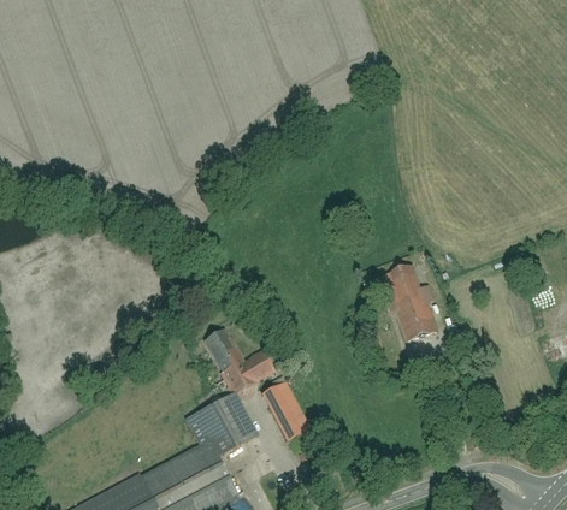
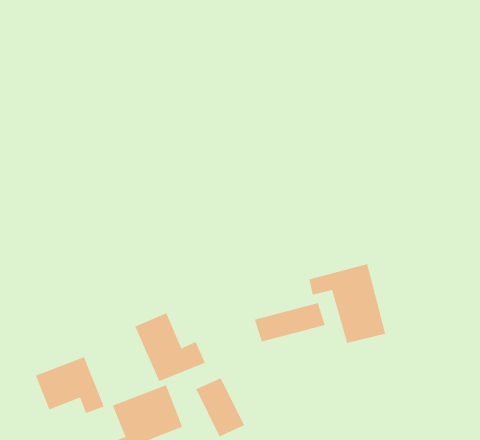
building: none -> [254,302,326,342]
building: none -> [35,356,105,414]

